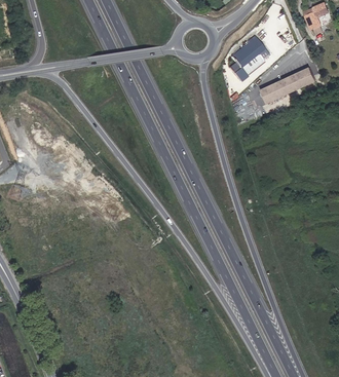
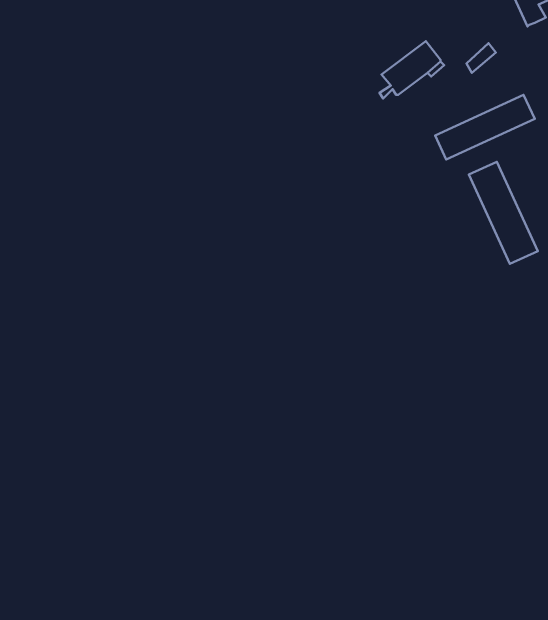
building: none -> [469,162,538,264]

